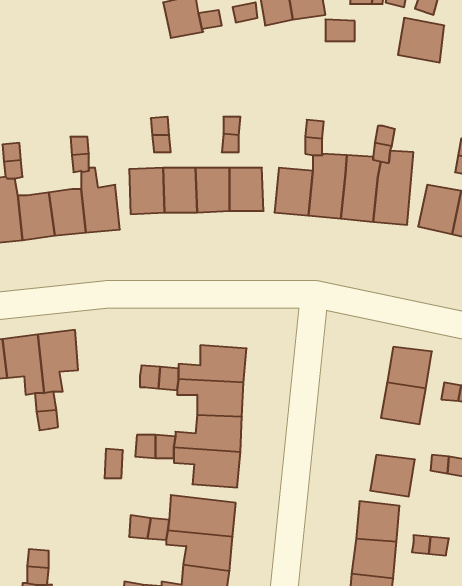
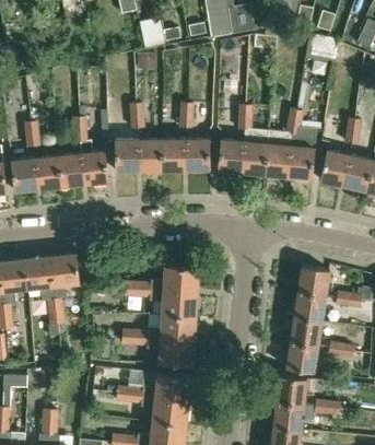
building: none -> [290,316,320,346]

